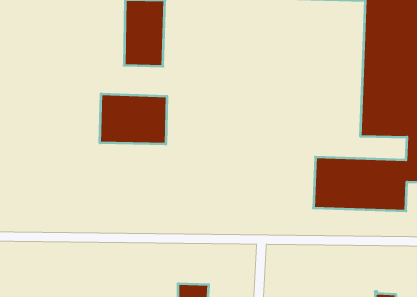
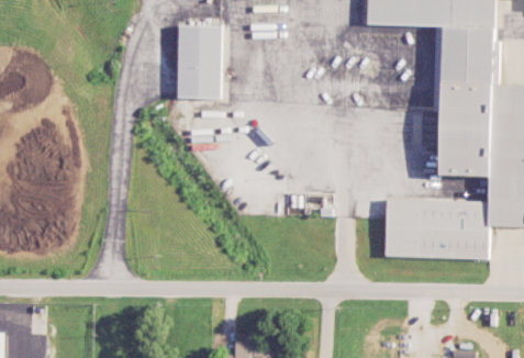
building: [100,94,167,144] -> none

